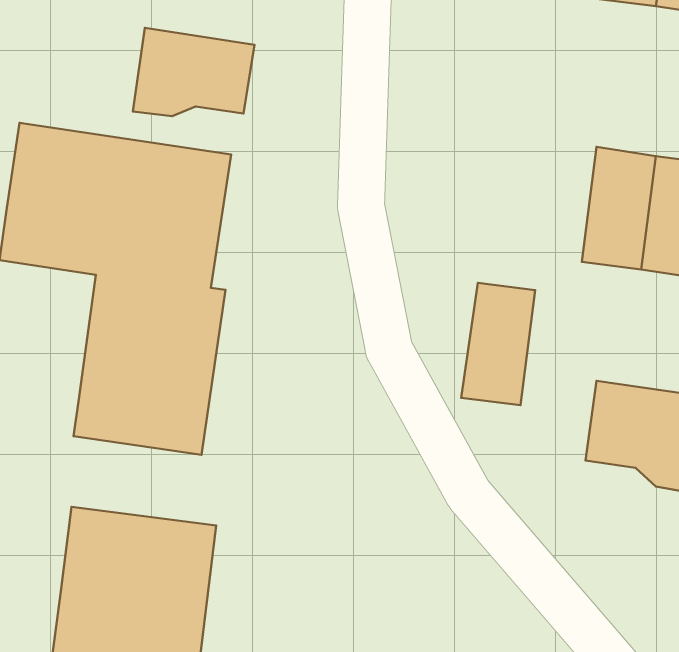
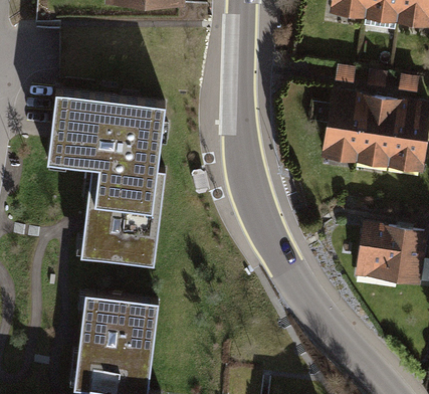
building: [133,28,255,116] -> none
building: [461,283,535,405] -> [325,96,365,163]

